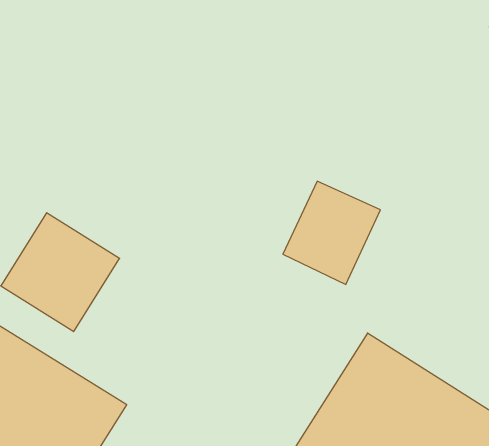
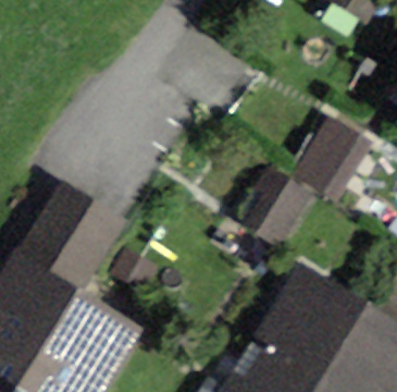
building: none -> [298,119,370,200]

